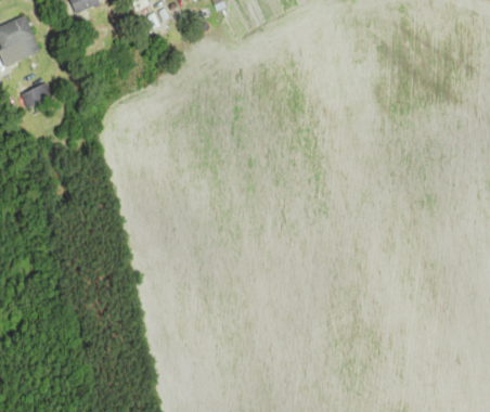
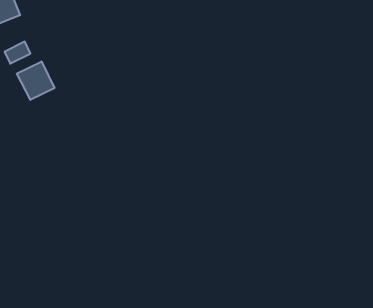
building: none -> [17,61,54,100]

